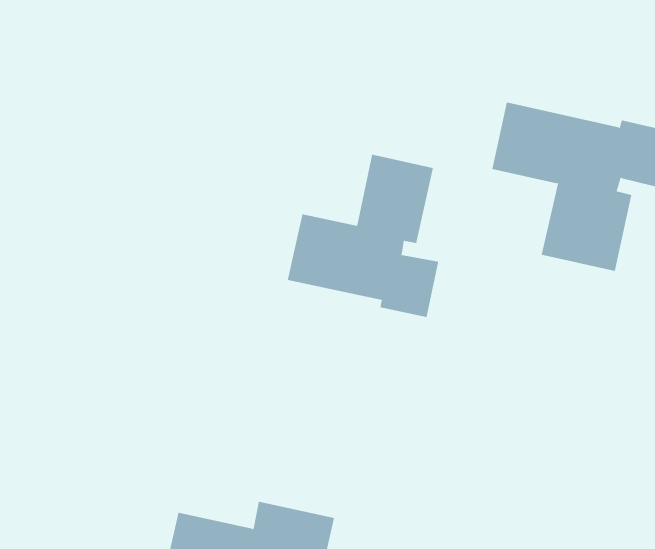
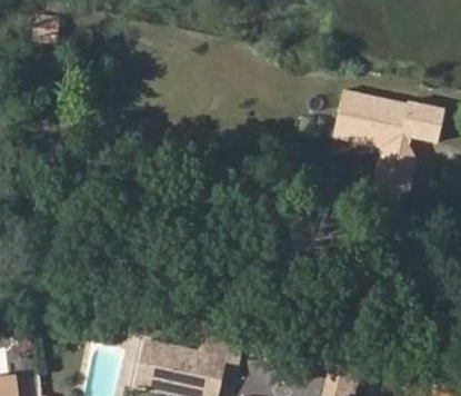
building: [287,154,439,318] -> none

